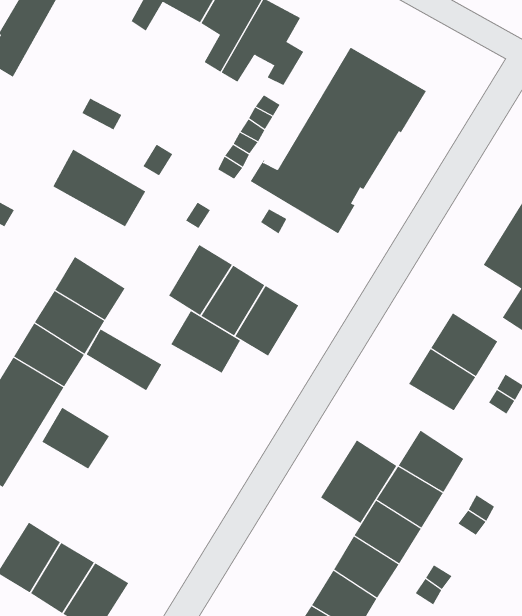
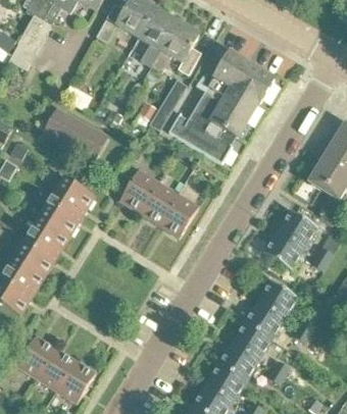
building: [170,310,241,374] -> none
building: [86,328,162,391] -> none
building: [41,407,110,470] -> none
building: [320,440,397,524] -> none

